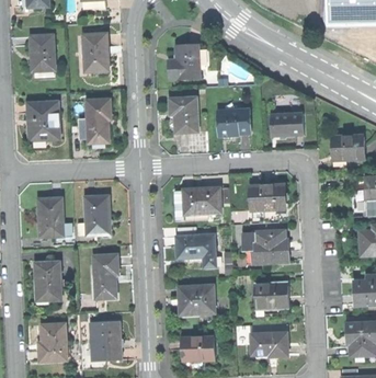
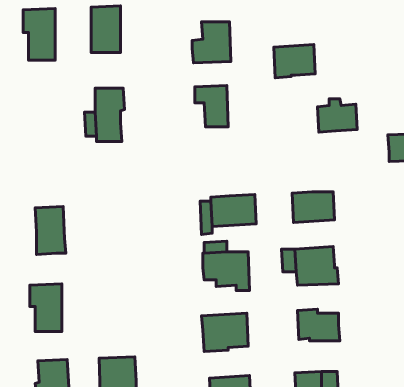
building: [27,102,59,139] -> none
building: [217,108,251,136] -> [274,45,315,78]
building: [84,195,111,234] -> none
building: [95,254,121,299] -> none

